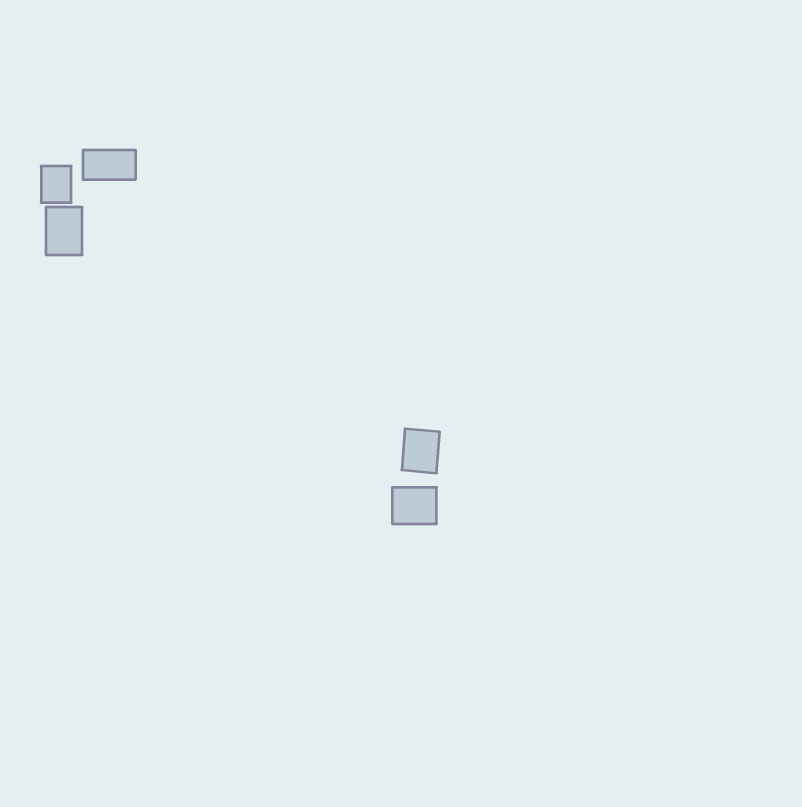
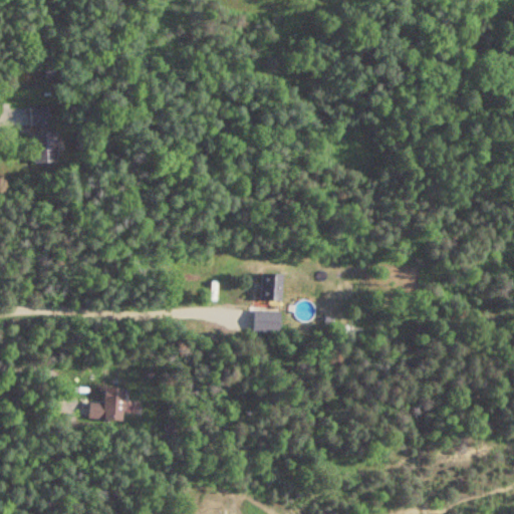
building: [83,150,135,180] -> none
building: none -> [88,389,125,421]

